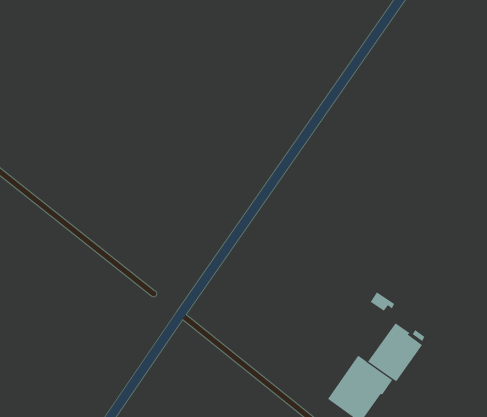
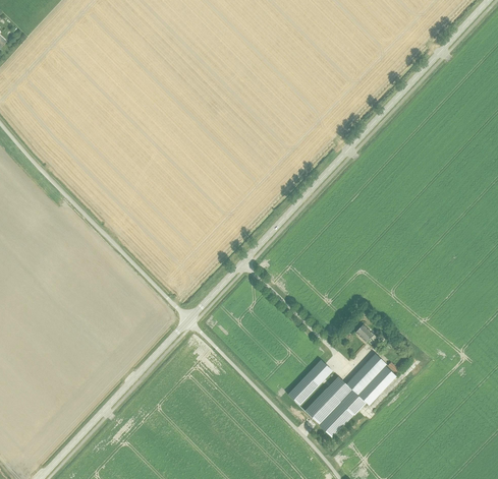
building: none -> [287,370,322,405]

